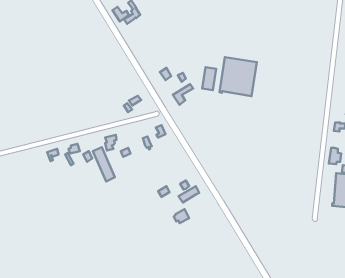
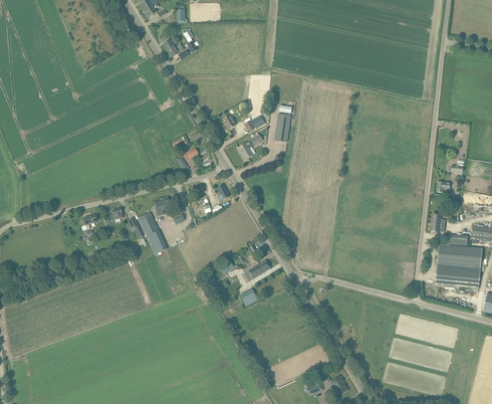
building: [219,57,257,96] -> none

